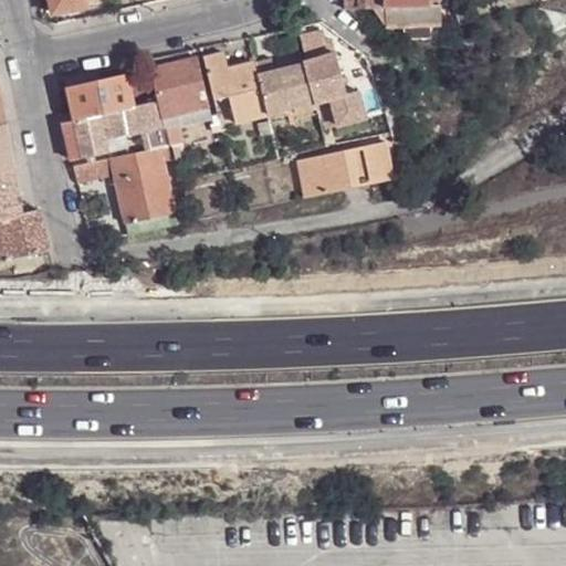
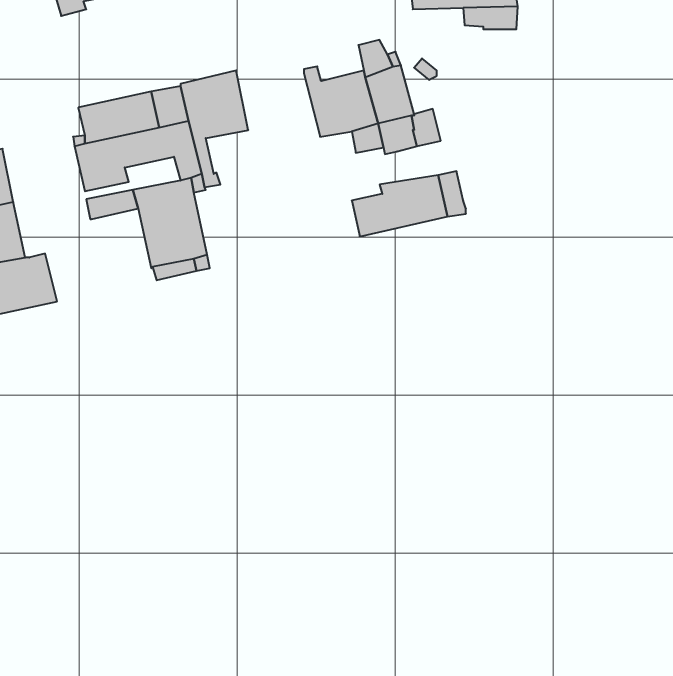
building: [202,53,266,118] -> none

